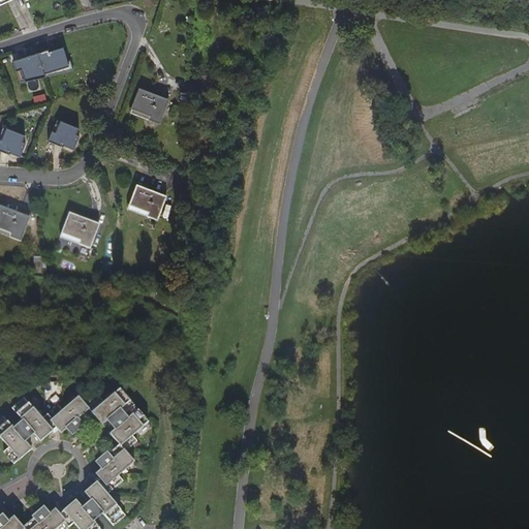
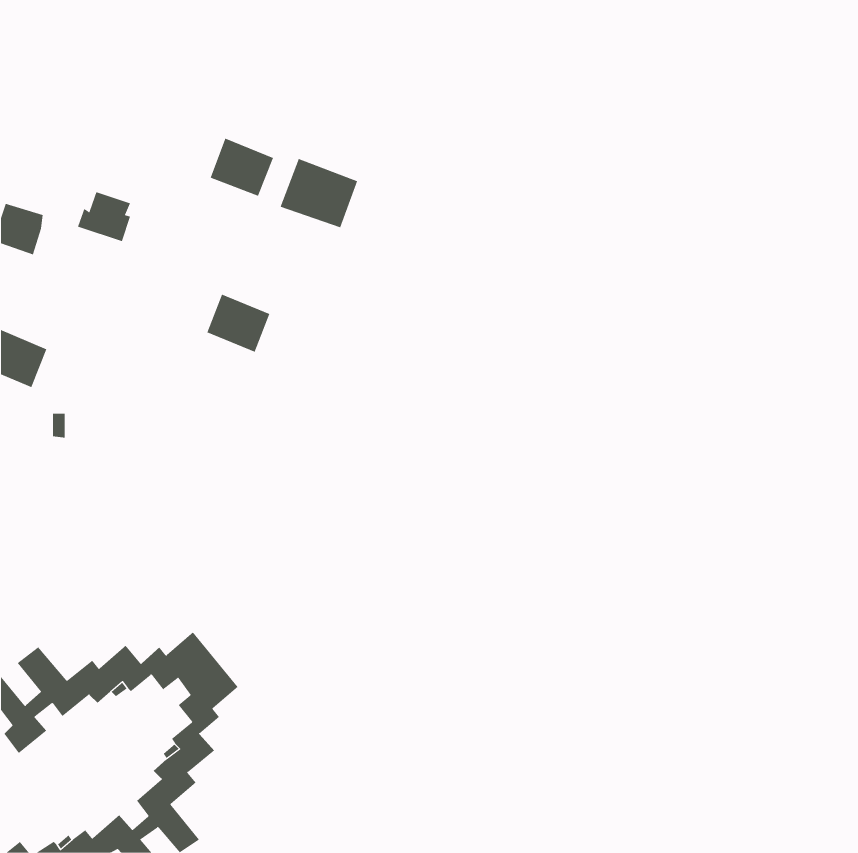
building: [7,43,66,79] -> none
building: none -> [280,158,358,228]
building: [59,210,99,247] -> none

